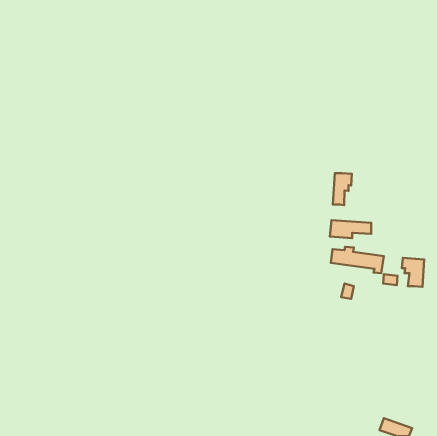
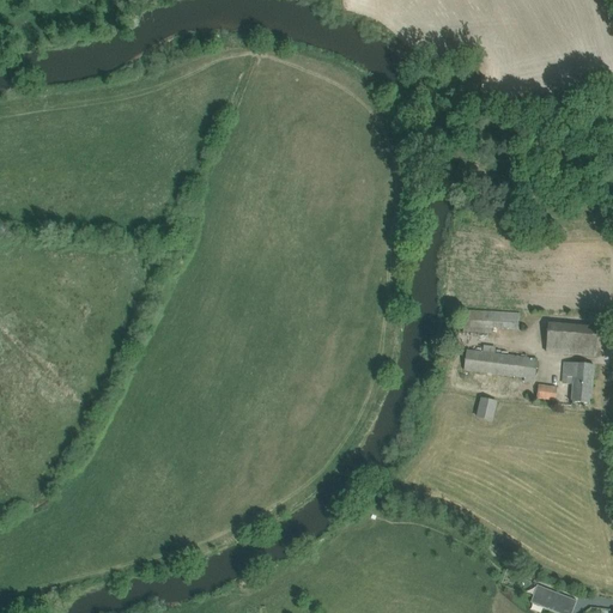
building: [333,173,352,205] -> none
building: none -> [546,322,596,354]

